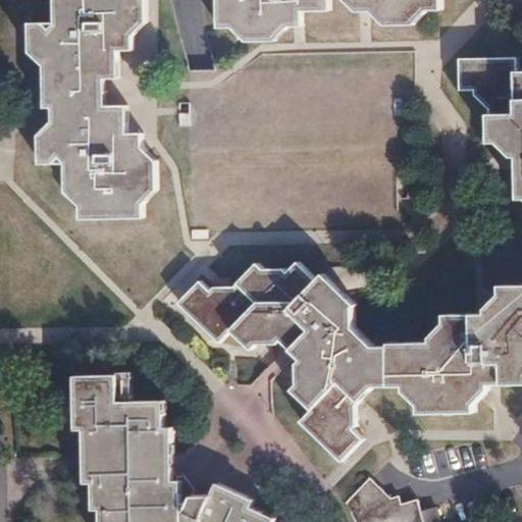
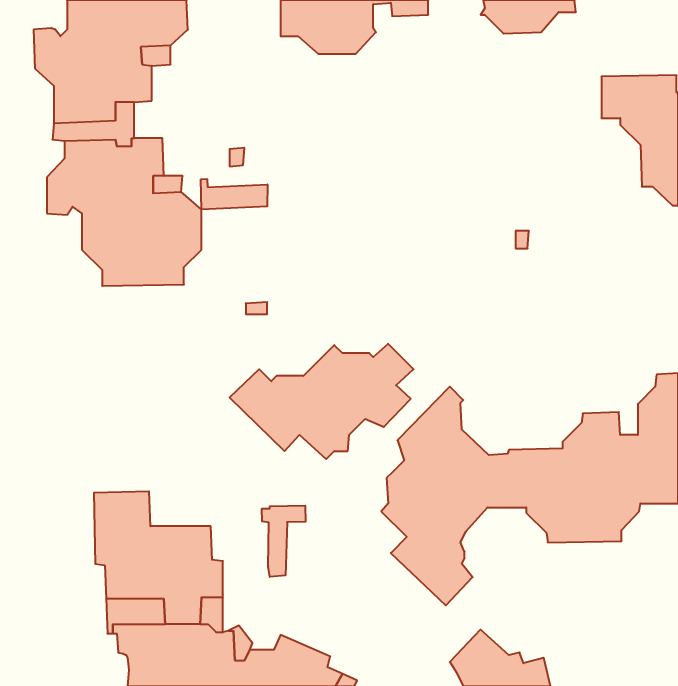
building: none -> [201,179,267,209]
building: [264,273,342,359] -> none
building: none -> [262,506,306,577]

